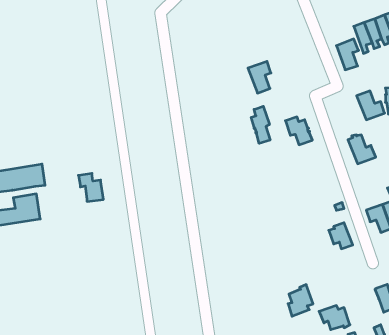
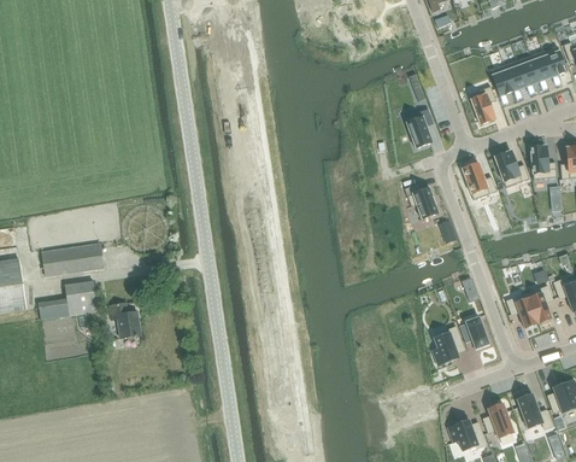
building: [248,61,271,93] -> [404,109,433,148]
building: [251,106,270,143] -> none
building: [348,135,376,164] -> [462,163,496,199]
building: [78,173,103,201] -> [108,303,140,338]
building: [288,285,313,316] -> [433,326,464,365]
building: none -> [483,403,513,438]

